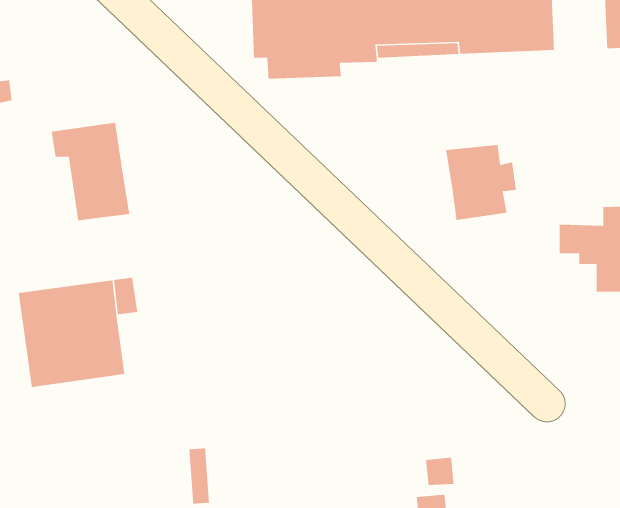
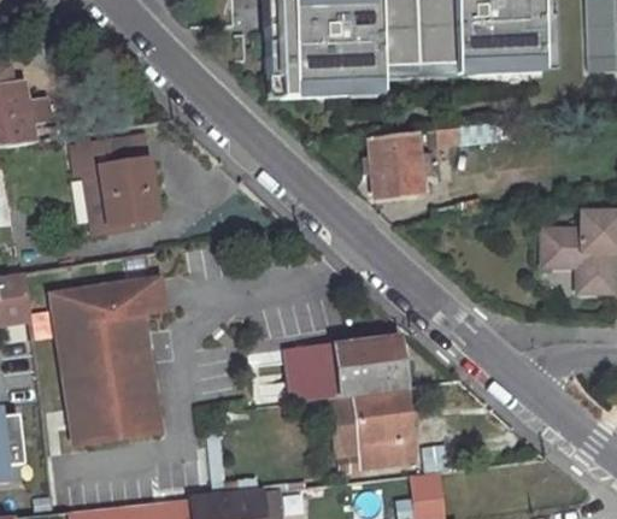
building: [445,144,517,221] -> [369,131,434,201]
building: none -> [288,334,410,460]
building: none -> [63,366,158,443]

